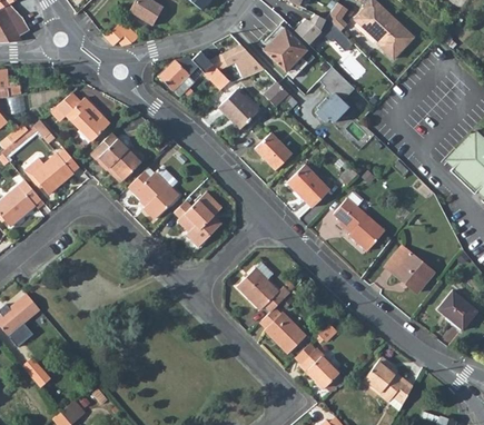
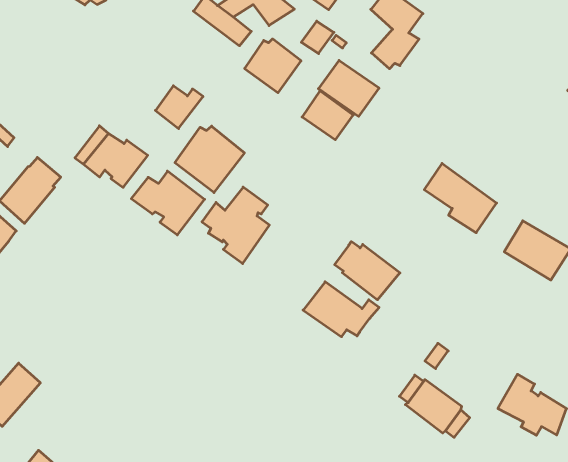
building: [159,59,195,90] -> [155,86,203,129]
building: [66,95,109,138] -> none
building: none -> [175,126,244,193]
building: [289,164,333,206] -> [318,60,379,116]
building: [259,308,305,353] -> [335,242,400,300]

